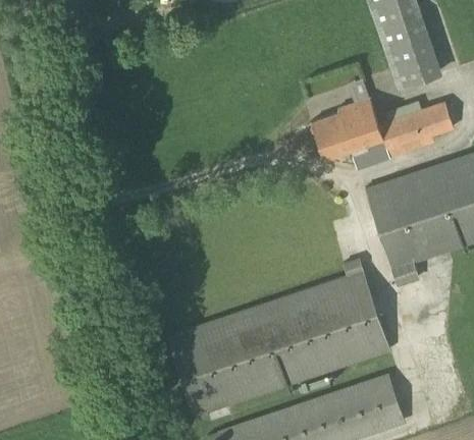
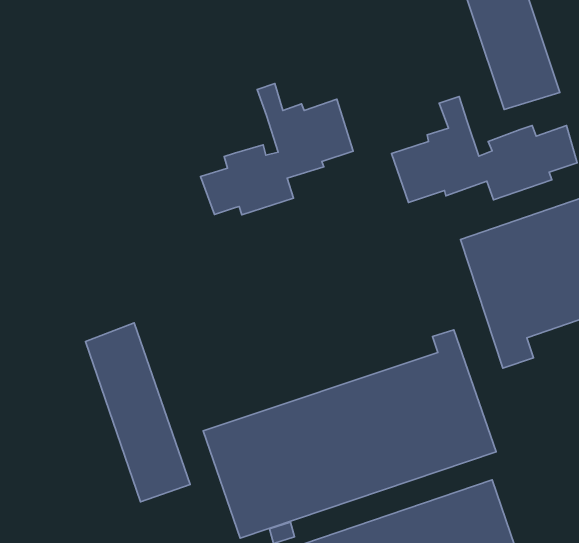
building: none -> [200,84,353,215]
building: none -> [86,323,190,502]

